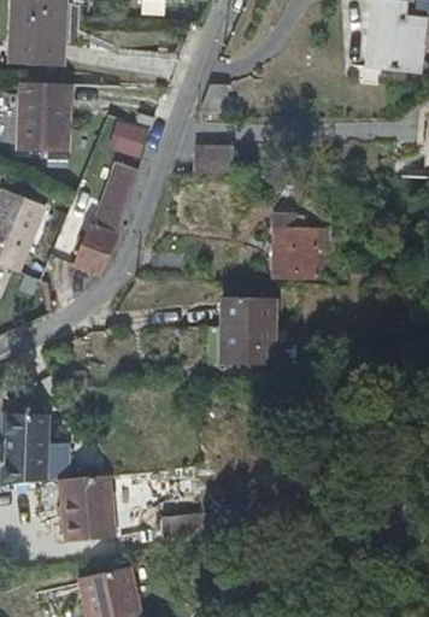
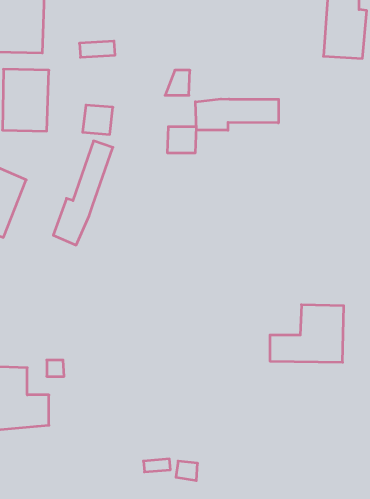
building: none -> [195,99,279,130]
building: [275,216,327,275] -> none
building: [190,298,272,362] -> [270,305,344,362]
building: [57,472,116,541] -> none

